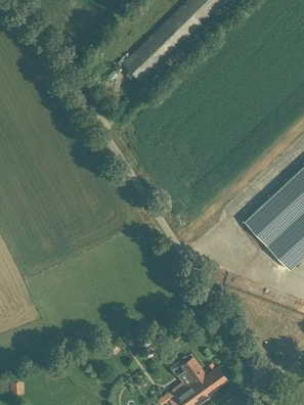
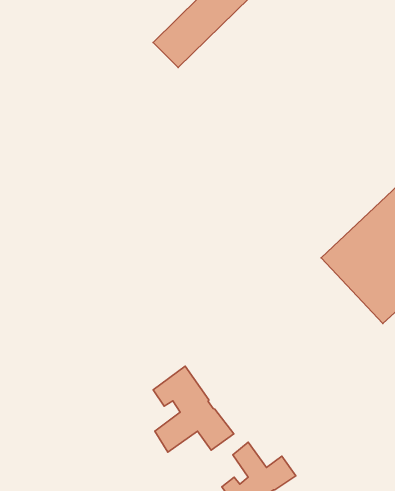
building: none -> [153,366,234,452]

